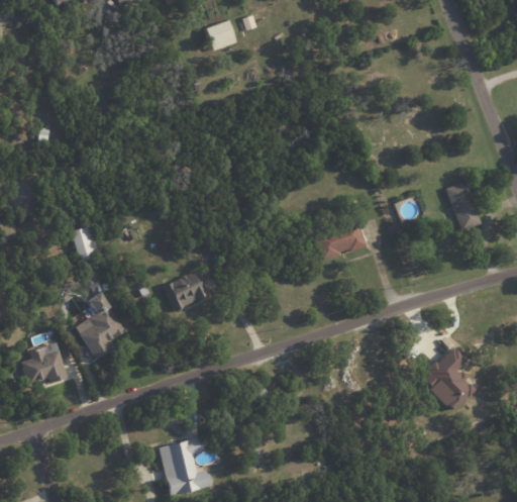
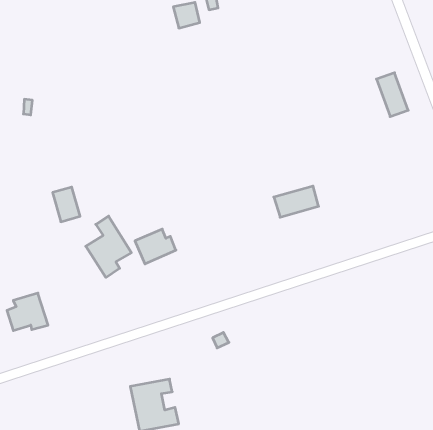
building: [444,182,480,230] -> [376,73,408,117]
building: [74,292,124,360] -> [86,216,131,277]
building: [421,347,475,412] -> none

